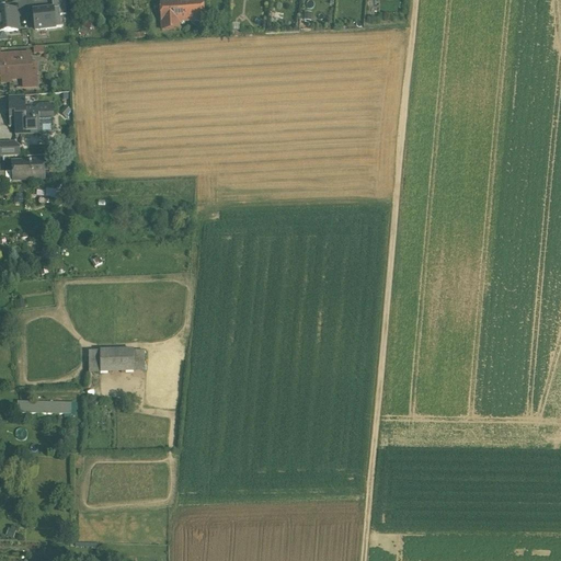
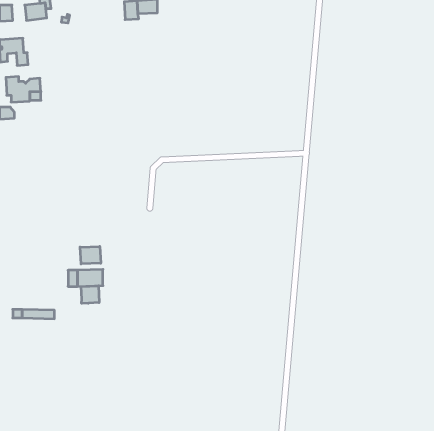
building: [11,158,43,176] -> none
building: none -> [80,246,101,264]
building: none -> [81,286,99,303]

